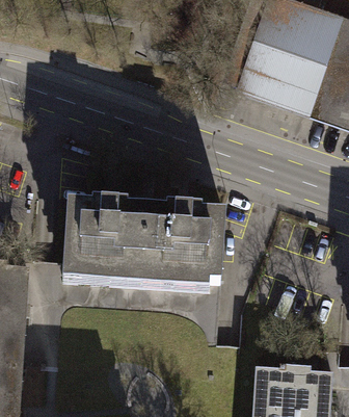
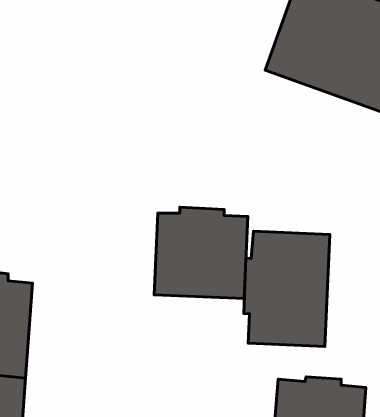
building: [63,206,146,288] -> none
building: none -> [244,231,330,346]

